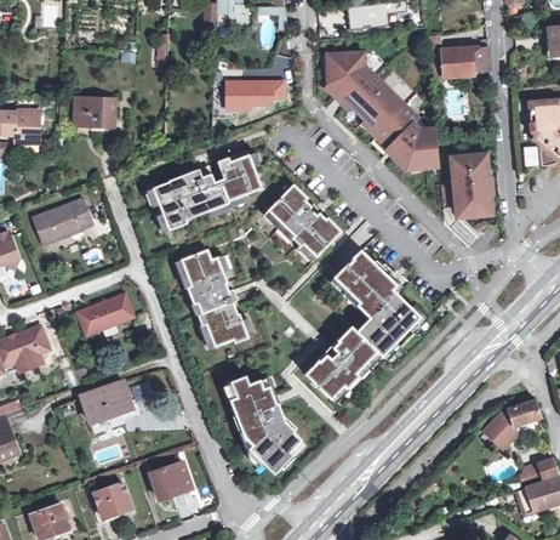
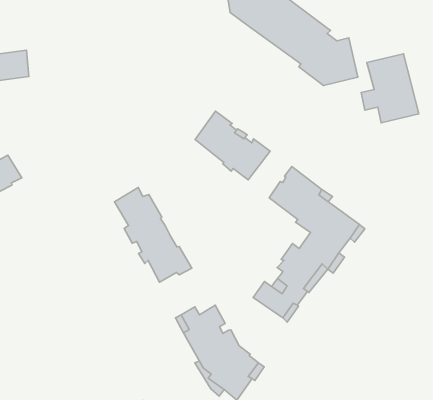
building: [223,78,285,112] -> none
building: [153,153,262,229] -> none
building: [79,294,132,335] -> none
building: [80,380,132,422] -> none

